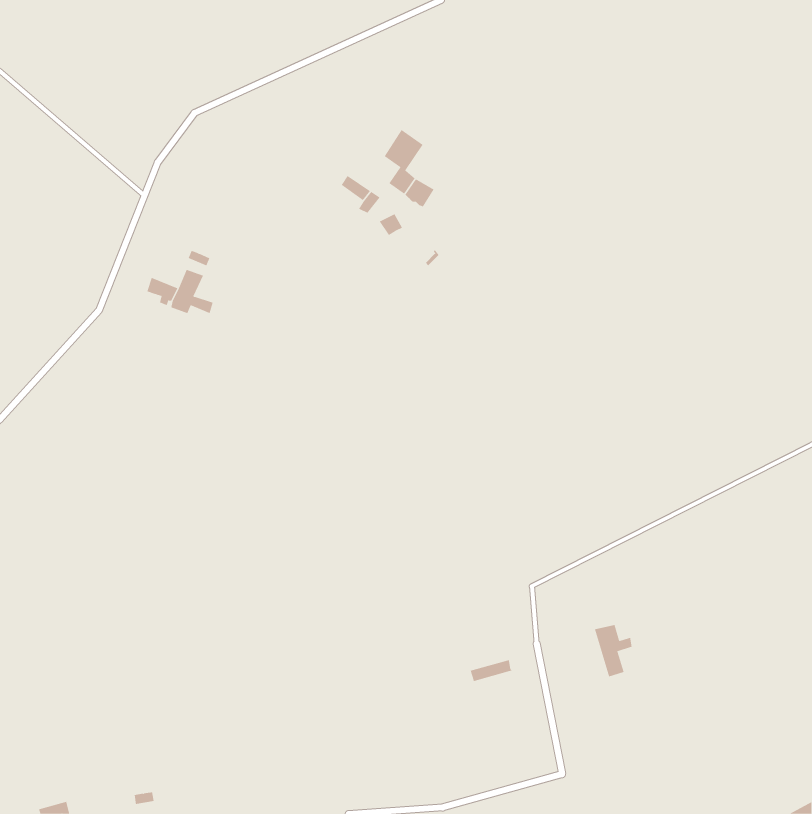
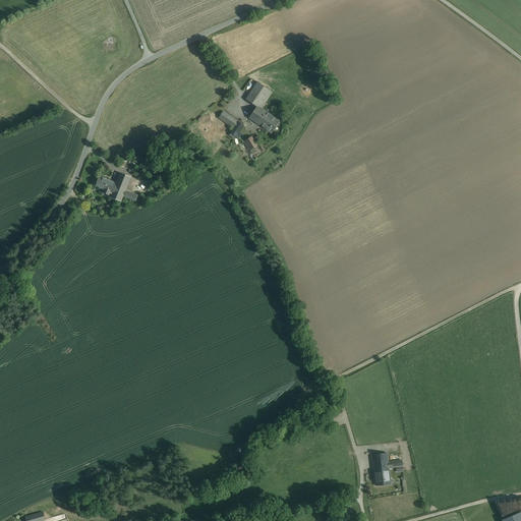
building: [594,624,633,677] -> [374,451,399,484]

